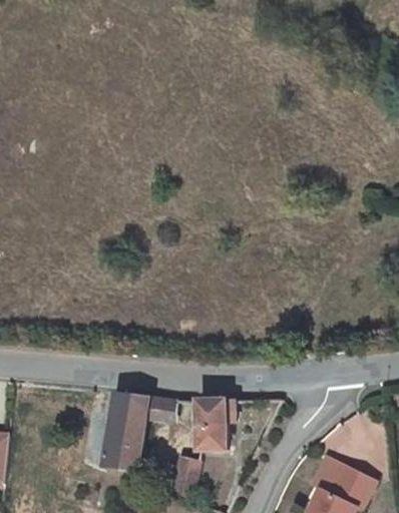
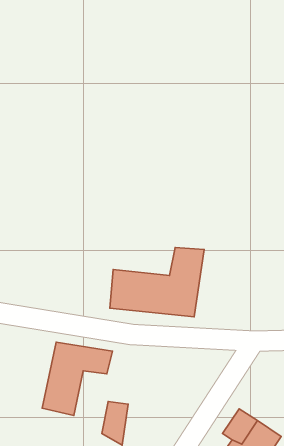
building: none -> [110,247,204,317]
building: [199,400,235,449] -> none

